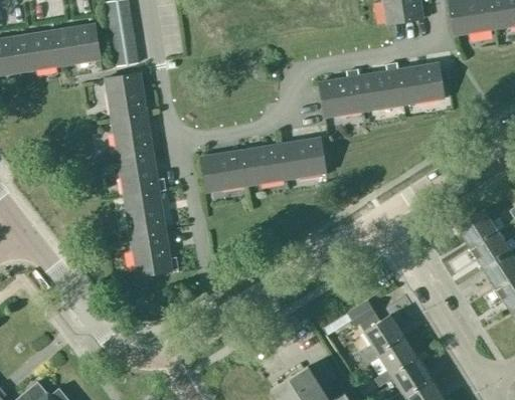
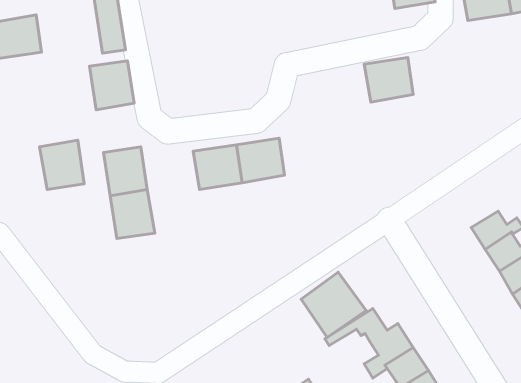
building: [56,24,102,64] -> none
building: [399,63,444,104] -> none
building: [320,75,365,117] -> none
building: [112,112,153,157] -> [40,140,84,189]
building: [281,138,325,178] -> none
building: [131,231,172,275] -> none
building: none -> [301,272,366,337]

